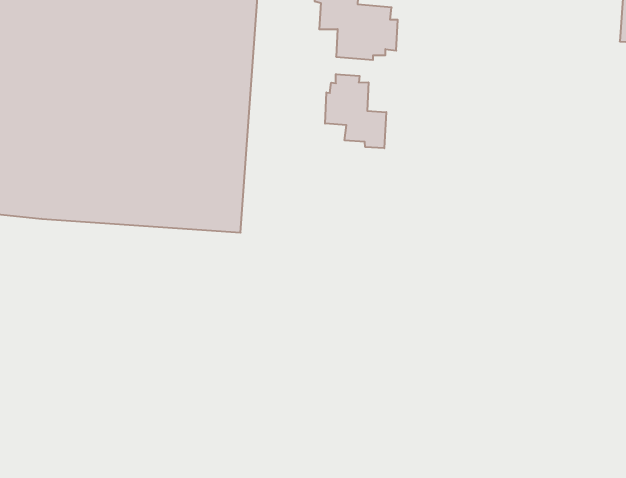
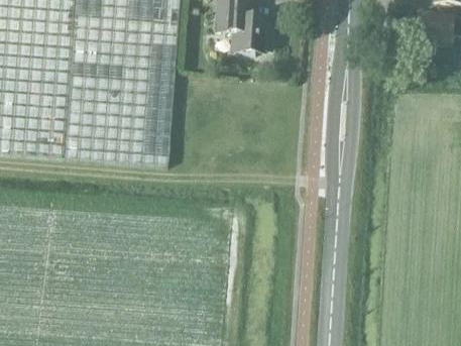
building: [325,74,386,148] -> none

